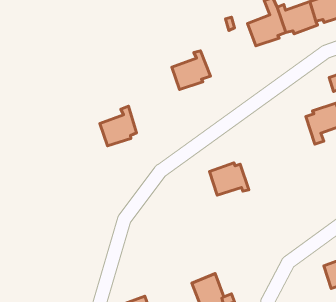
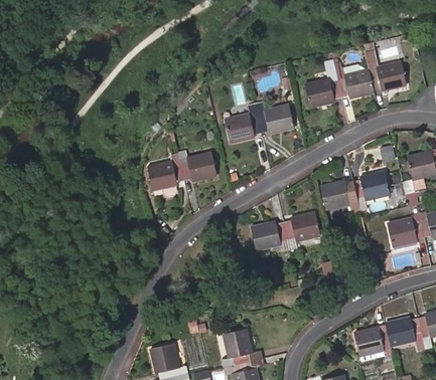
building: none -> [255,104,293,134]
building: none -> [177,151,215,181]
building: none -> [320,181,358,212]
building: none -> [282,212,318,248]

